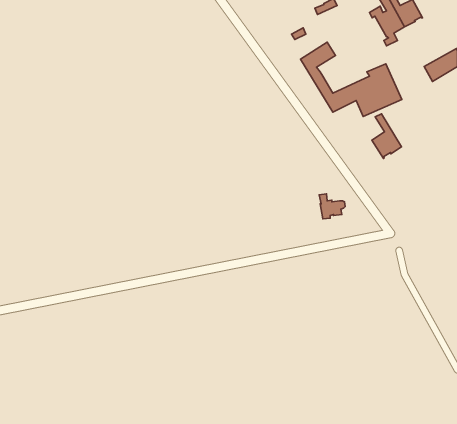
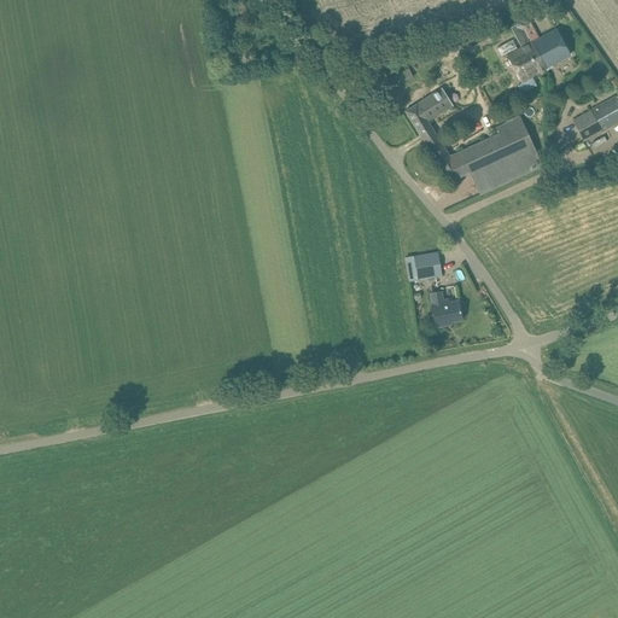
building: [372,114,402,159] -> none
building: none -> [414,251,442,279]

